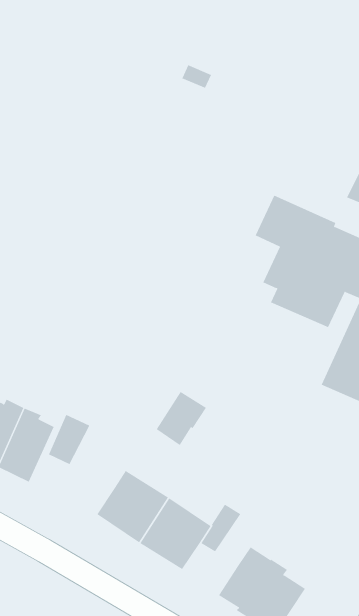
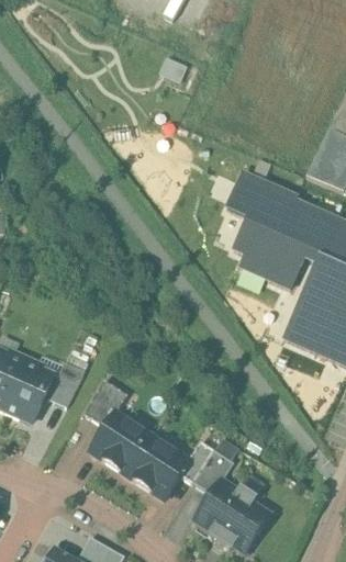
building: [156,391,207,446] -> [83,379,127,426]
building: none -> [192,449,233,494]

